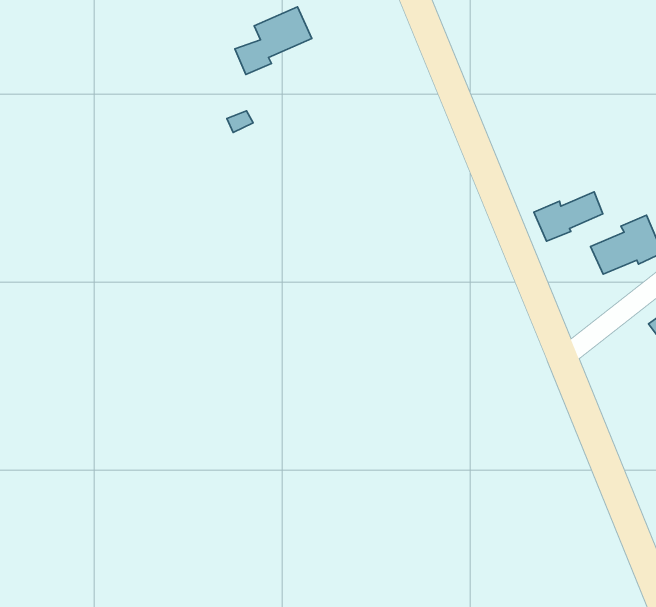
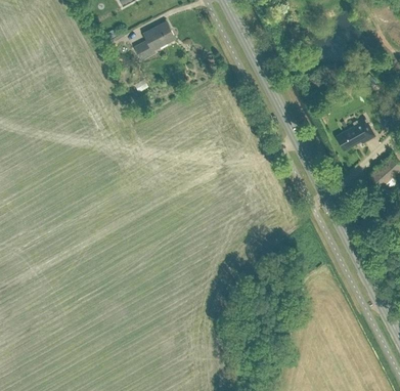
building: [534,192,603,241] -> none

